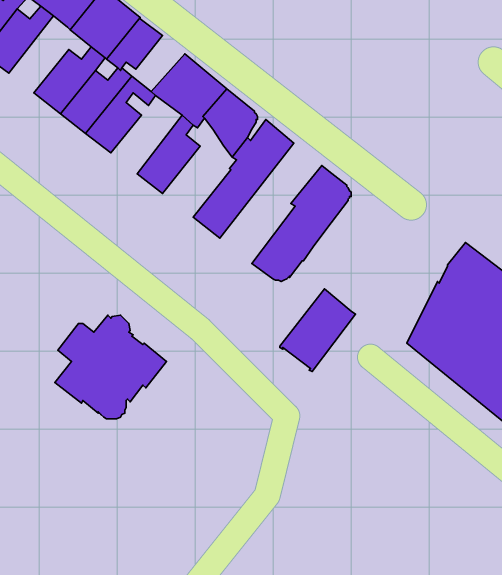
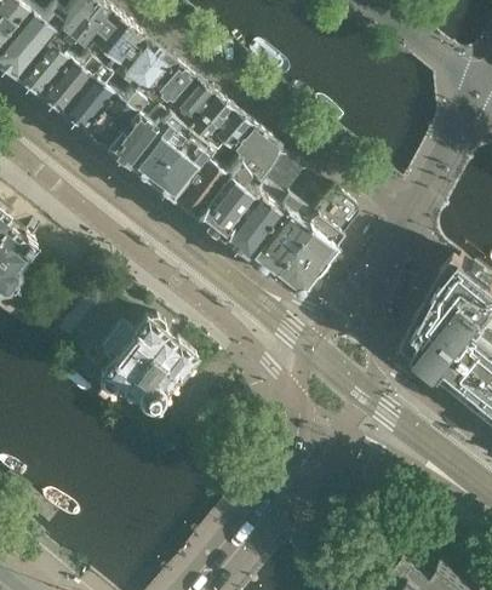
building: none -> [59,62,111,128]
building: none -> [166,79,212,127]
building: none -> [148,131,210,199]
building: none -> [193,160,252,236]
building: [280,289,355,371] -> [242,205,308,276]

